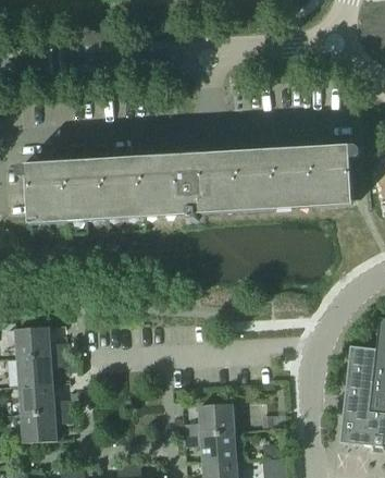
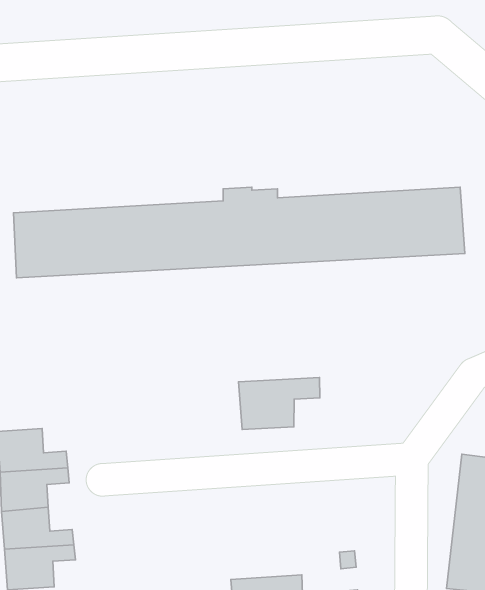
building: none -> [238,378,320,429]
building: [183,403,235,436] -> none

